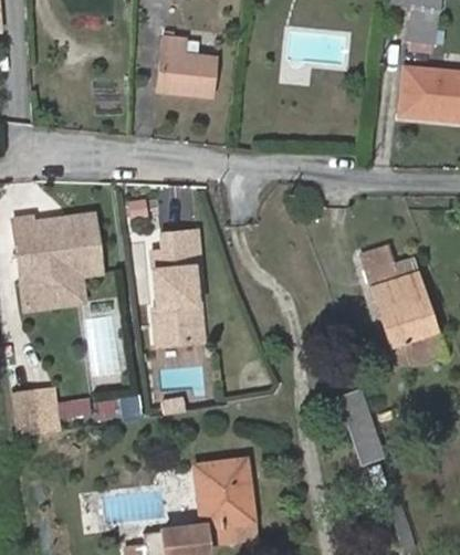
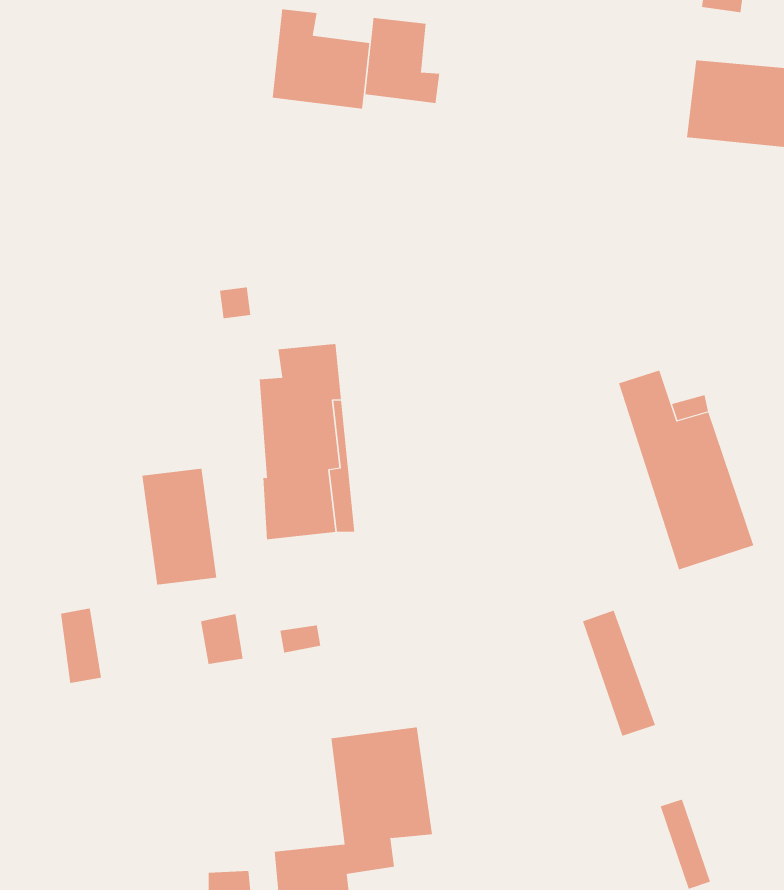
building: none -> [365,17,440,104]
building: [14,216,103,311] -> none
building: [13,390,41,434] -> none

